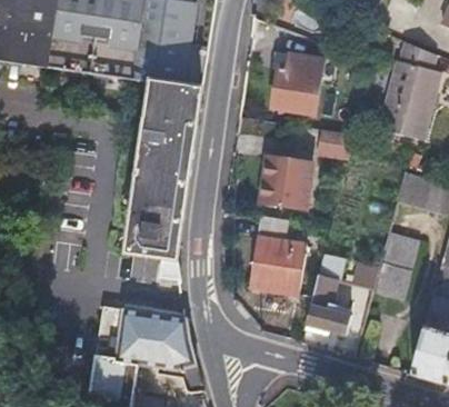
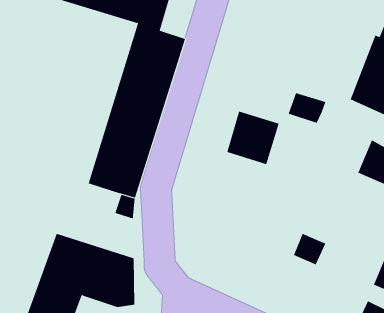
building: [270,52,322,113] -> none
building: [250,214,307,292] -> none
building: [376,231,419,297] -> none
building: [307,251,352,332] -> none

